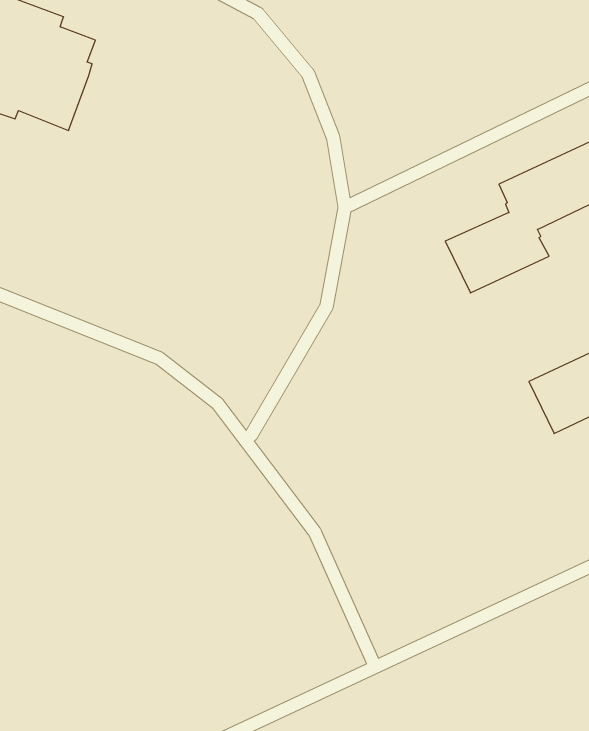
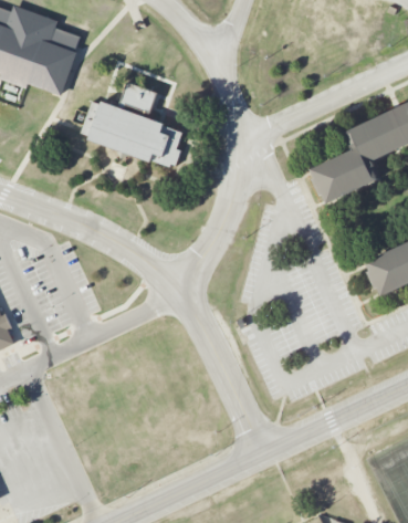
building: none -> [80,82,182,167]

